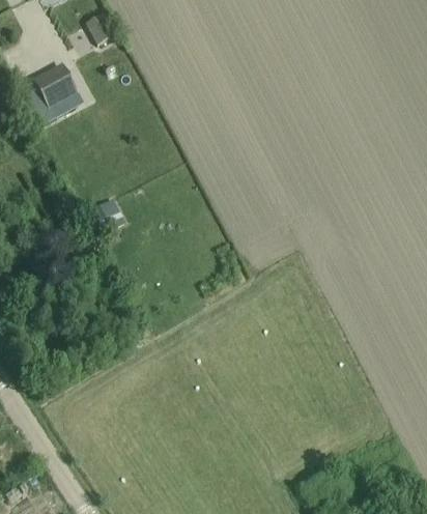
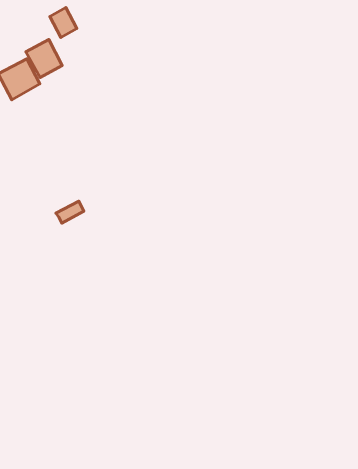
building: none -> [26,40,62,78]

